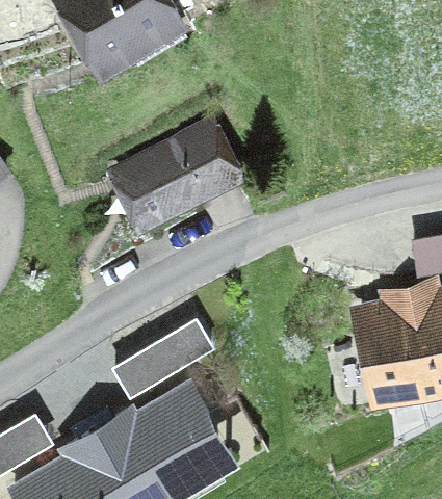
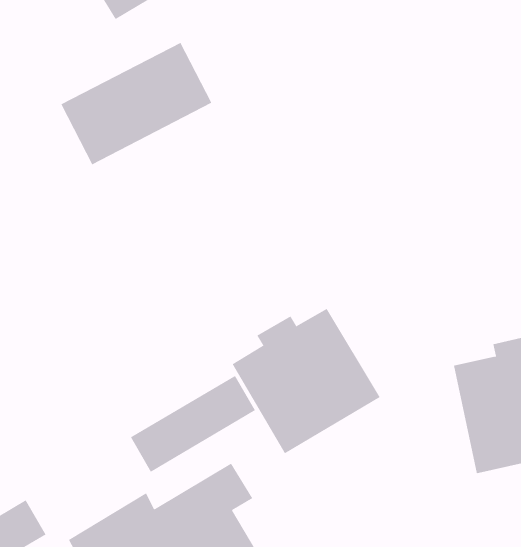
building: [118,126,234,220] -> [61,42,212,165]
building: none -> [232,308,380,454]

